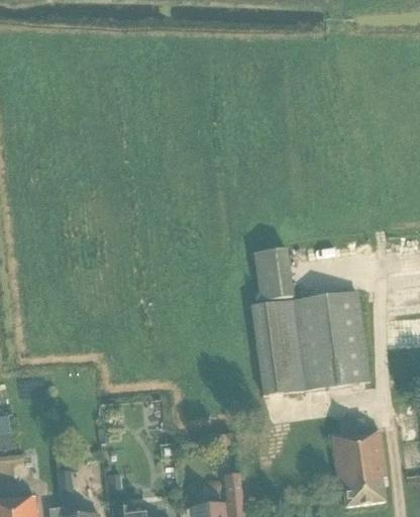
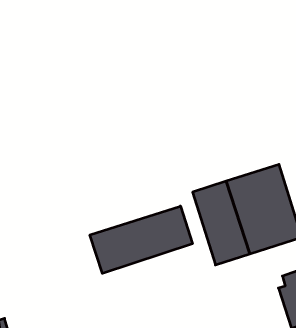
building: [254,248,292,301] -> none
building: none -> [90,206,192,273]

